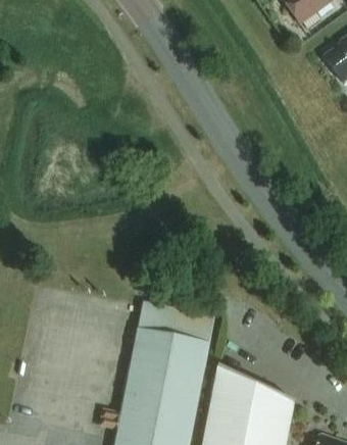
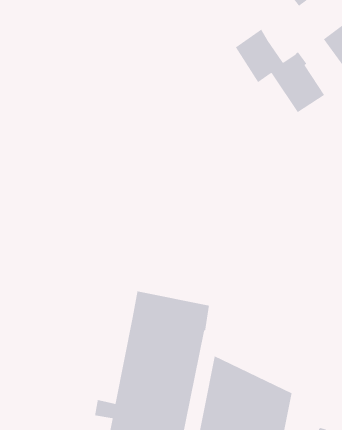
building: none -> [235,29,325,113]

